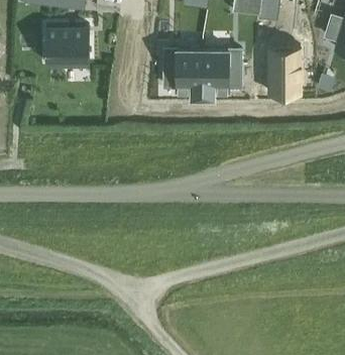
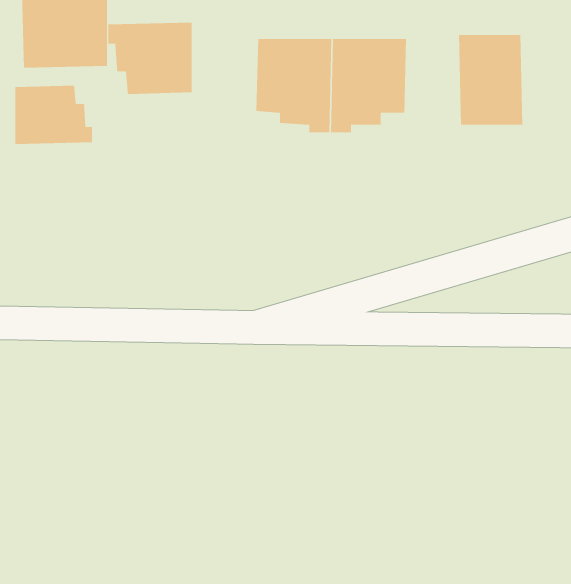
building: none -> [108,22,192,95]
building: none -> [15,85,92,145]

